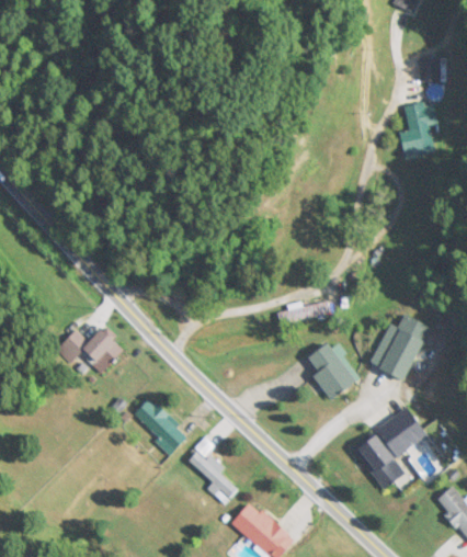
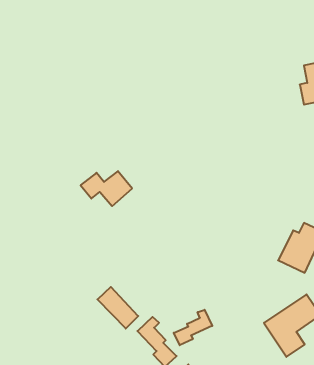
building: [55,328,123,374] -> [81,171,132,206]
building: [309,341,361,400] -> none
building: none -> [174,310,212,345]

